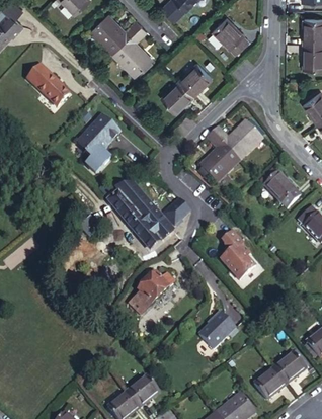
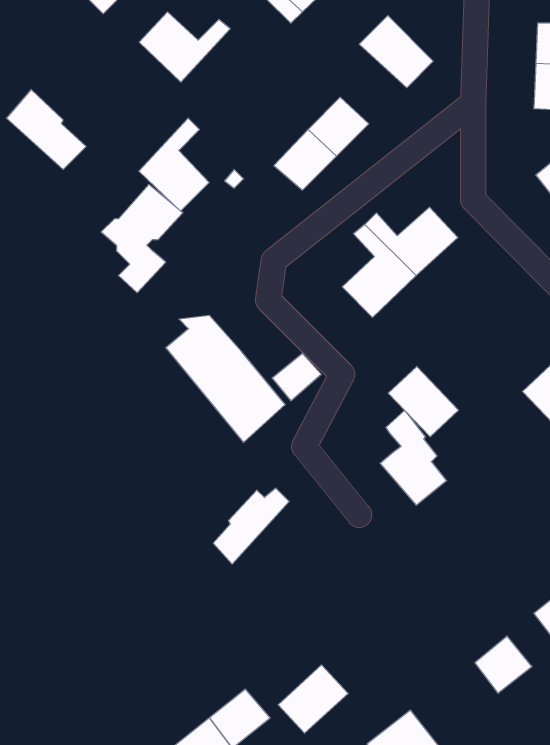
building: [115,26,153,76] -> [139,118,209,211]
building: [264,170,302,207] -> [388,366,458,437]
building: [198,313,236,349] -> [278,665,348,733]
building: [250,364,285,398] -> none

